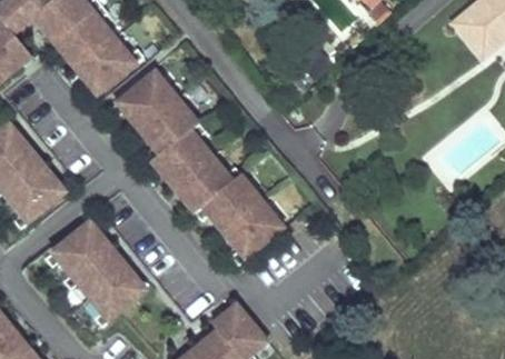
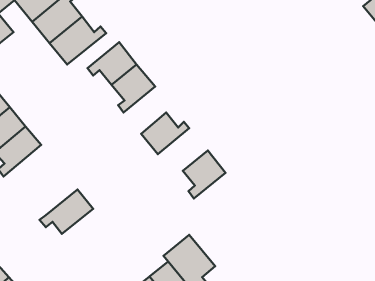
building: [164,120,215,177] -> none
building: [205,170,265,221] -> none
building: [43,220,108,275] -> none
building: [89,267,146,327] -> none

